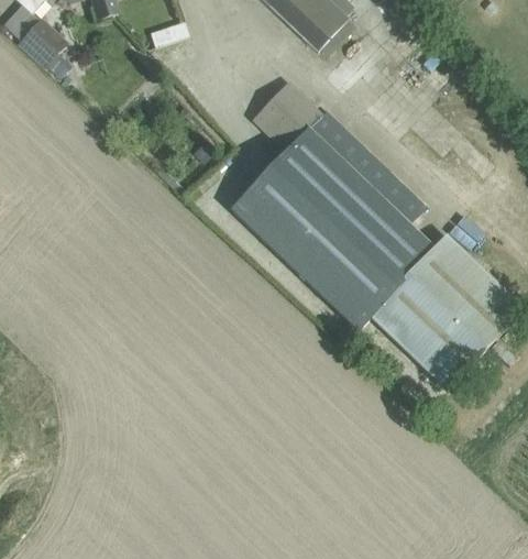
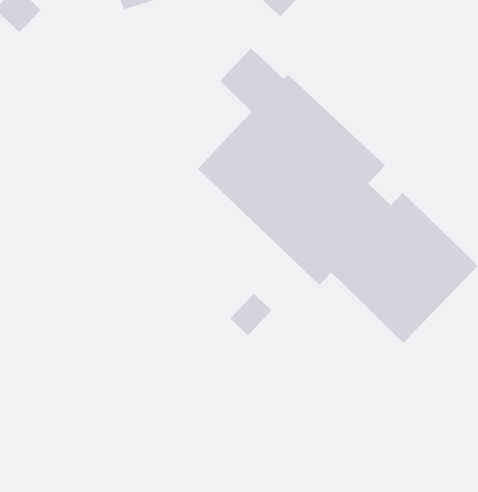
building: none -> [230,293,272,336]

